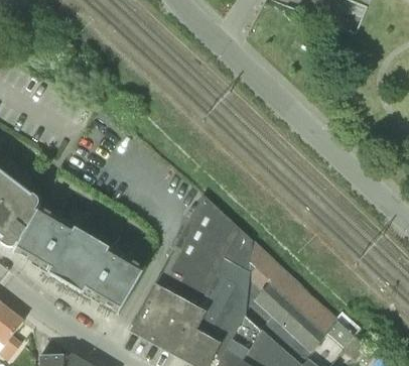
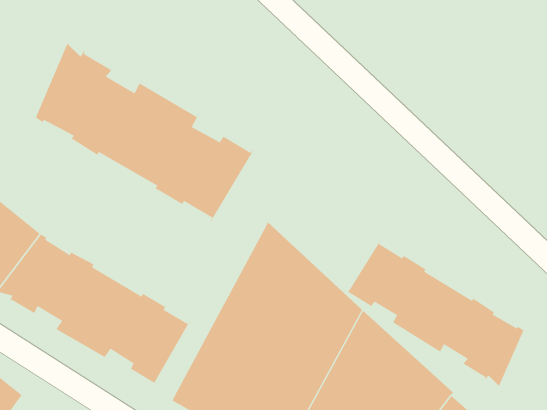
building: none -> [35,43,254,222]
building: none -> [346,241,524,387]

